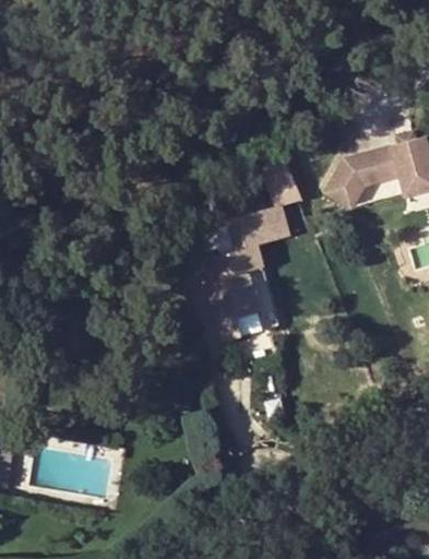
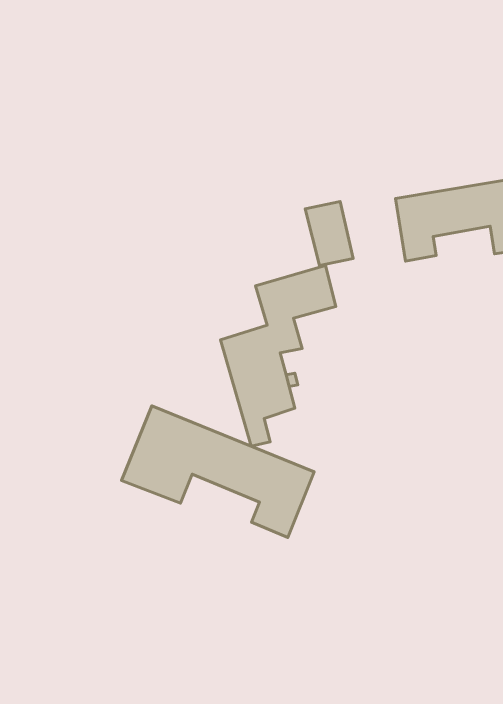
building: none -> [122,406,314,537]

